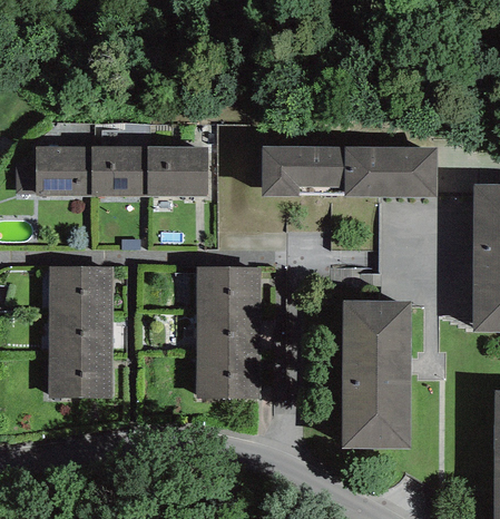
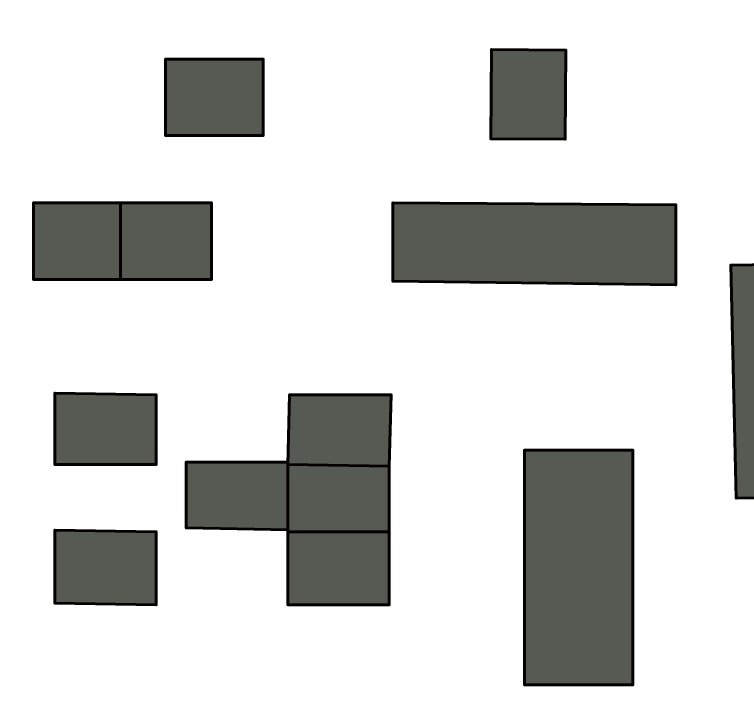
building: none -> [491,50,566,139]
building: [147,146,208,194] -> [165,59,263,136]
building: [49,310,112,352] -> [186,462,288,530]

